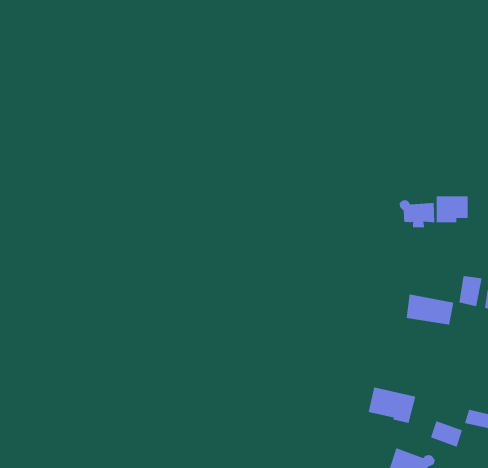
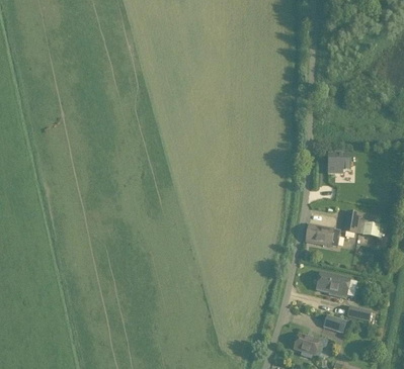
building: [399,200,435,228] -> none
building: [368,387,416,424] -> [316,271,350,297]

